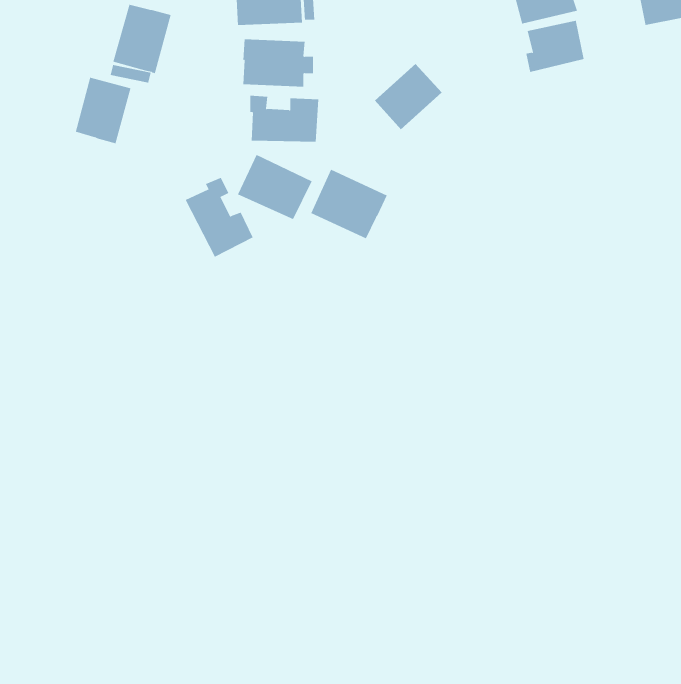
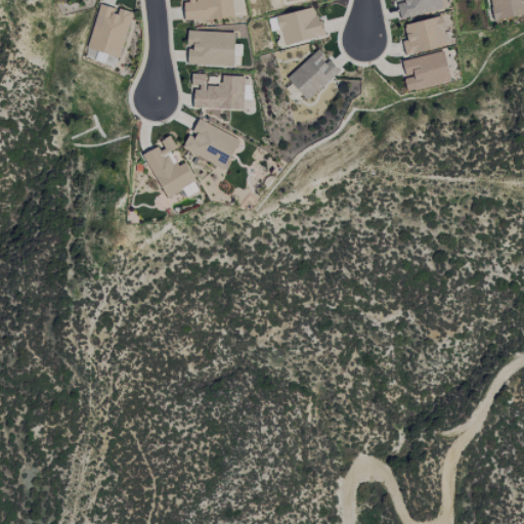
building: none -> [278,6,325,44]
building: none -> [402,50,452,90]
building: [75,77,131,144] -> none
building: [311,169,388,239] -> none

